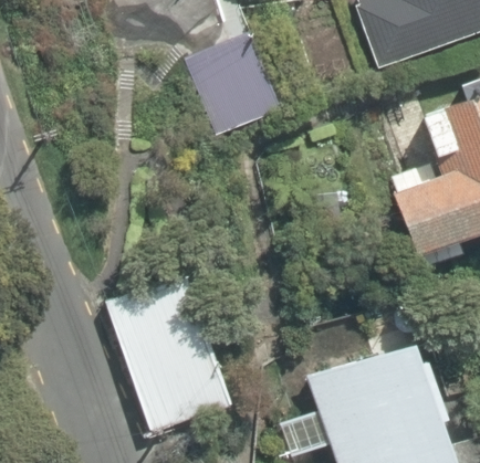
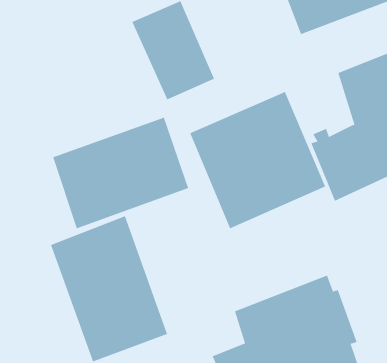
building: none -> [190,91,326,229]
building: none -> [52,117,189,229]

